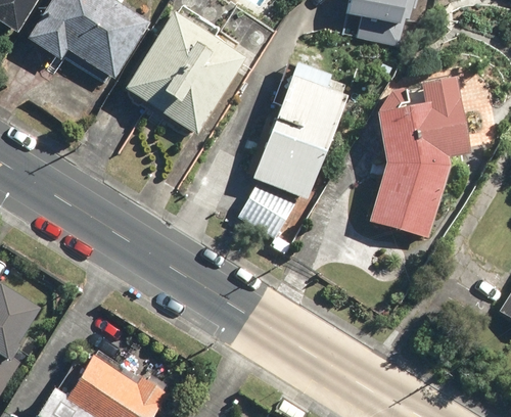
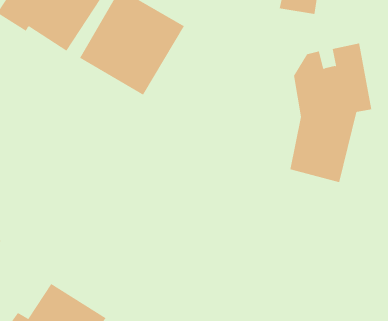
building: [239,58,352,236] -> none

